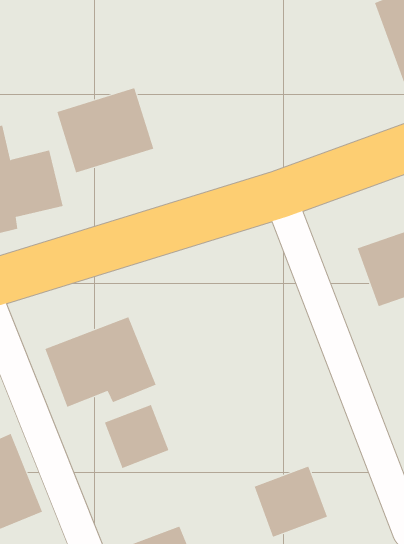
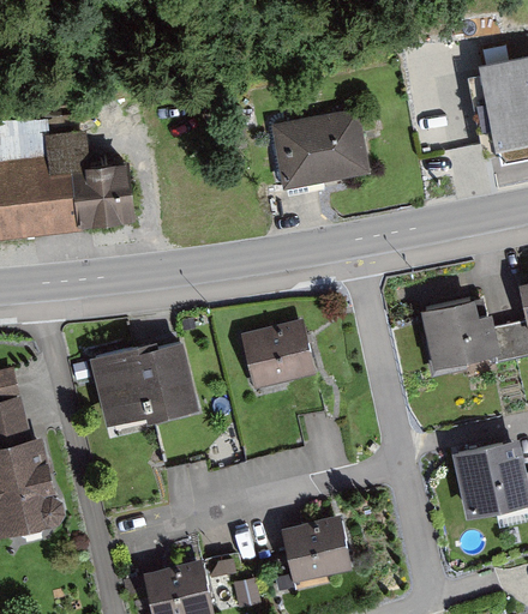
building: [56,87,154,173] -> [272,109,365,186]
building: none -> [244,321,317,392]
building: [104,404,169,469] -> none

